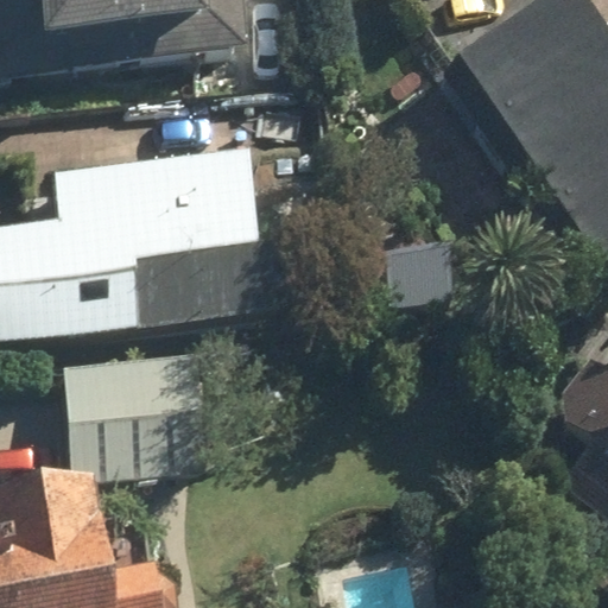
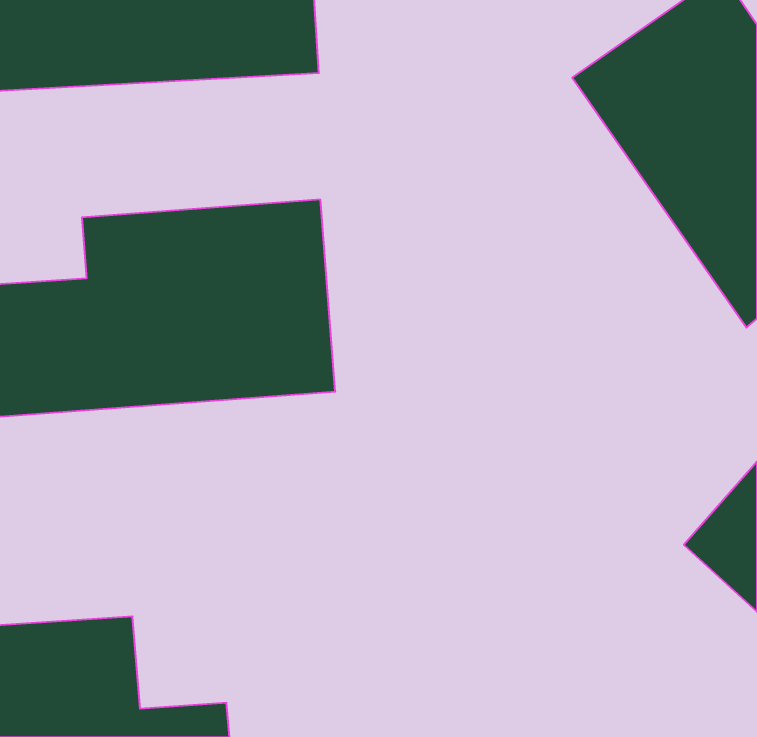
building: [65,361,208,480] -> none

